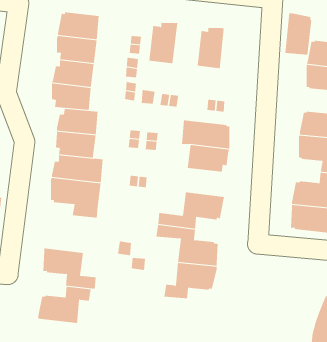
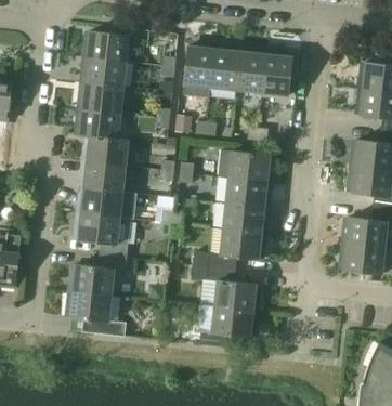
building: [285,13,312,55] -> [262,49,292,95]
building: none -> [210,42,240,90]
building: none -> [223,202,267,234]
building: [37,286,92,324] -> [67,254,127,296]

